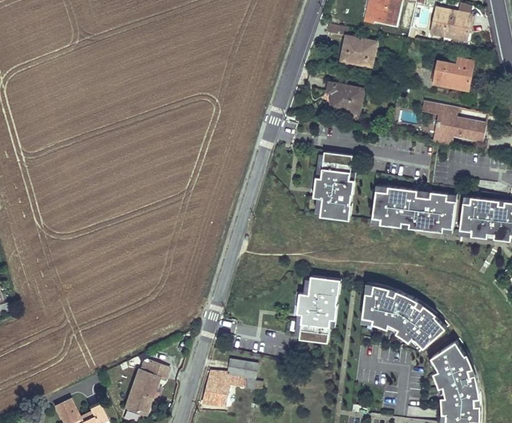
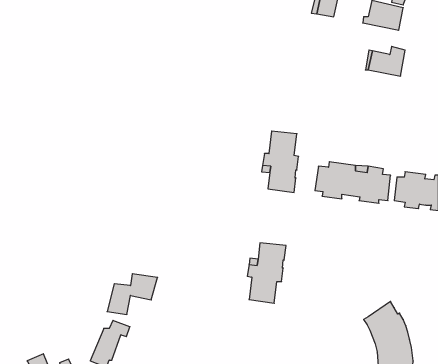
building: [340,37,375,67] -> none
building: [327,82,363,114] -> none
building: [421,103,485,147] -> none
building: [362,283,446,351] -> none
building: [201,361,257,406] -> [107,274,158,314]

